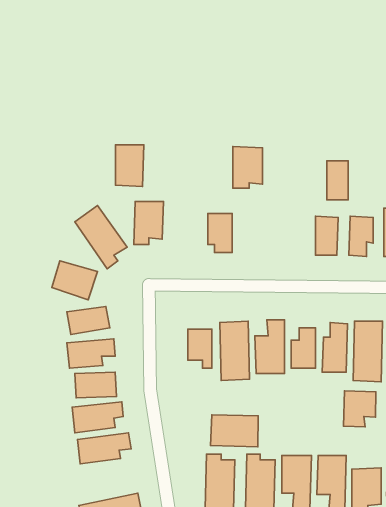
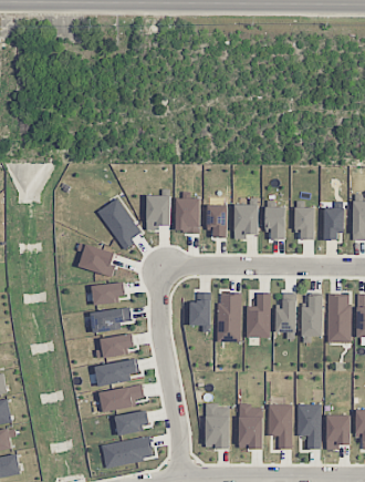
building: [116,145,144,187] -> [176,198,199,233]
building: [233,147,262,188] -> [233,204,258,238]
building: [327,161,348,200] -> [267,207,284,239]
building: [344,391,376,427] -> none
building: [211,415,258,447] -> none
building: none -> [114,410,150,434]

